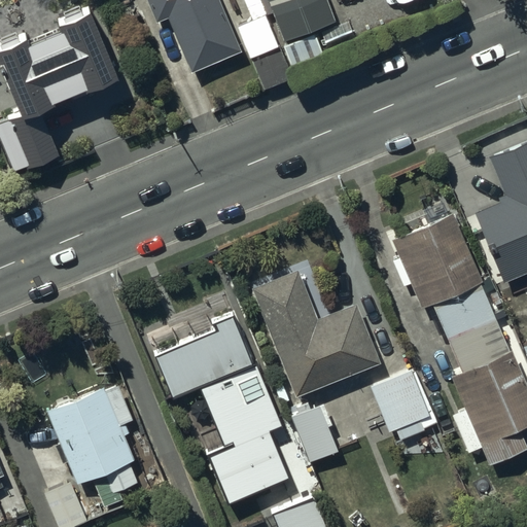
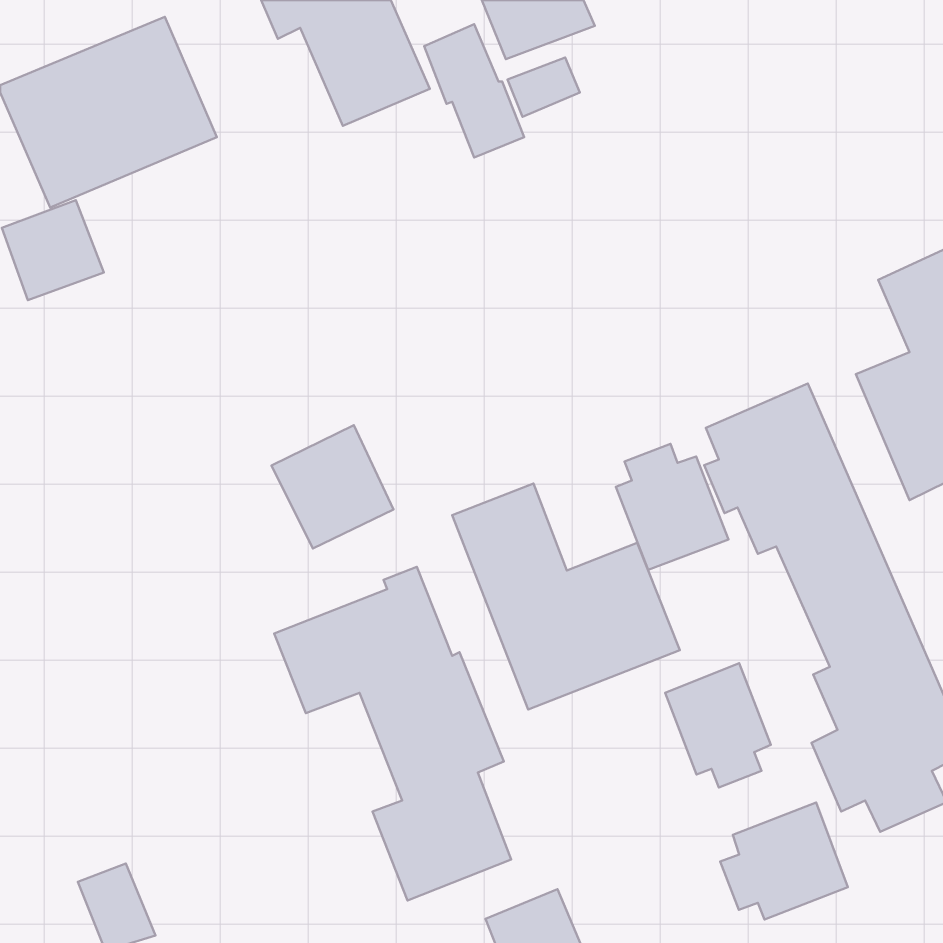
building: none -> [272,425,394,548]
building: none -> [616,444,728,570]
building: [46,382,139,506] -> none
building: [292,407,339,463] -> none
building: none -> [720,803,848,920]

